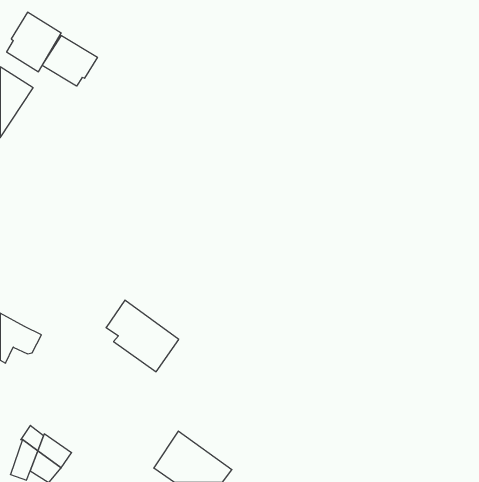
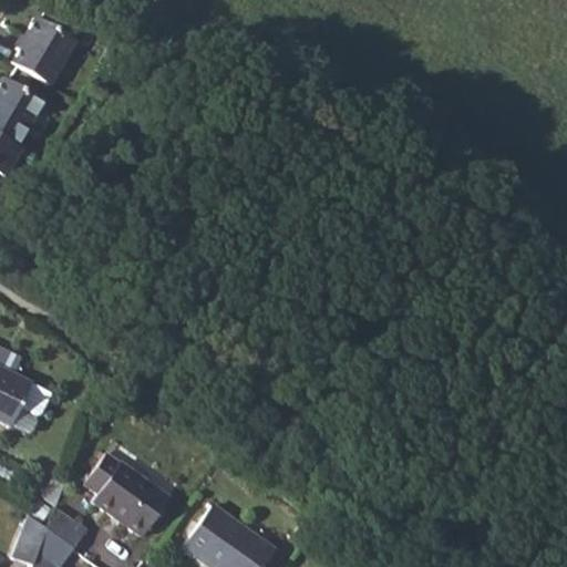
building: [42,36,97,86] -> none
building: [106,300,179,372] -> [84,453,169,537]

